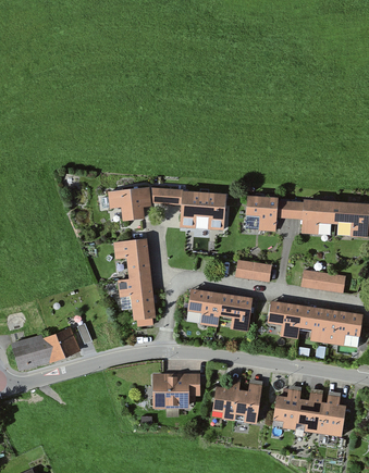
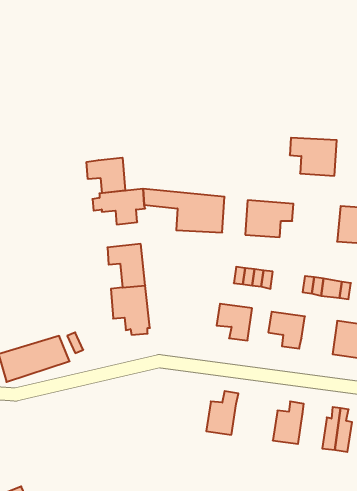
building: none -> [87,158,125,193]
building: [291,200,335,236] -> [290,138,337,176]
building: [187,289,222,325] -> none
building: [299,307,333,343] -> none
building: [151,372,201,407] -> none
building: [233,382,262,422] -> none
building: [296,390,325,432] -> none

